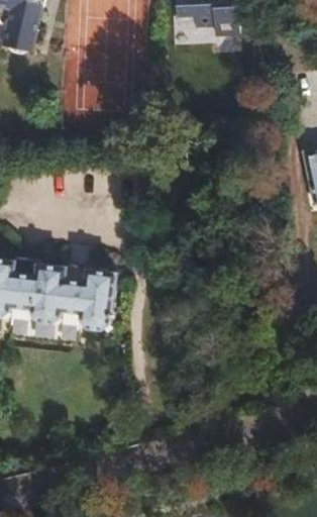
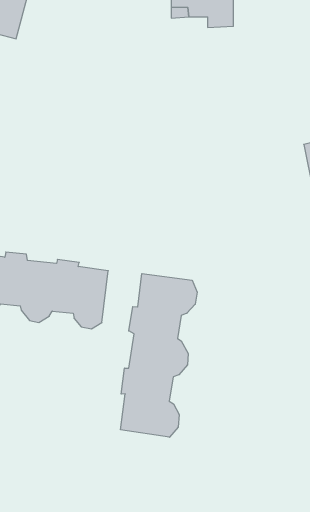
building: none -> [121,274,197,437]

